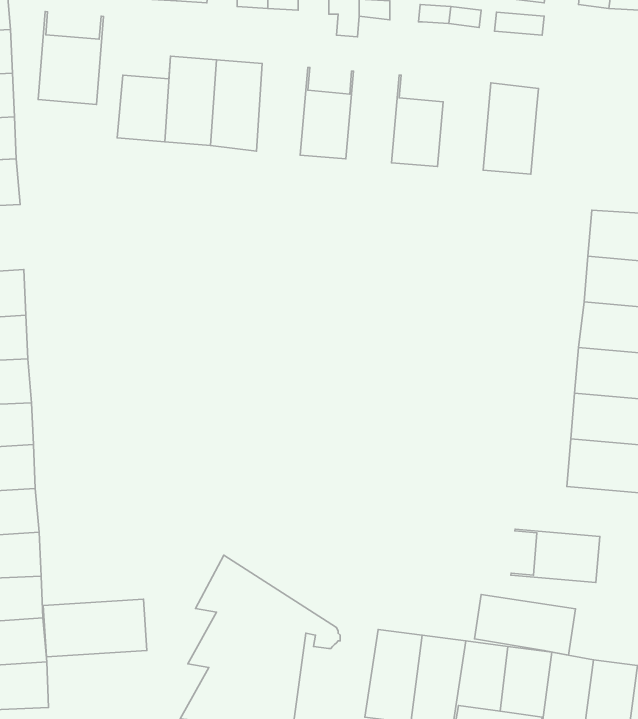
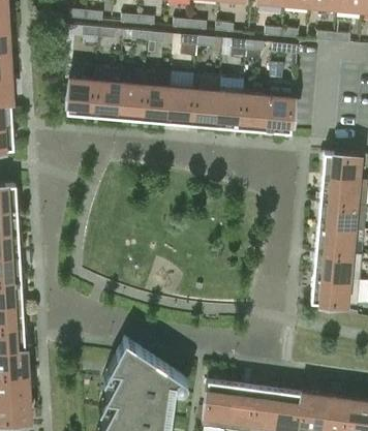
building: [38,12,104,104] -> none
building: none -> [143,72,171,122]
building: none -> [191,76,220,126]
building: none -> [241,83,270,130]
building: [511,529,600,582] -> none
building: [474,594,576,655] -> none
building: [43,599,147,657] -> none

